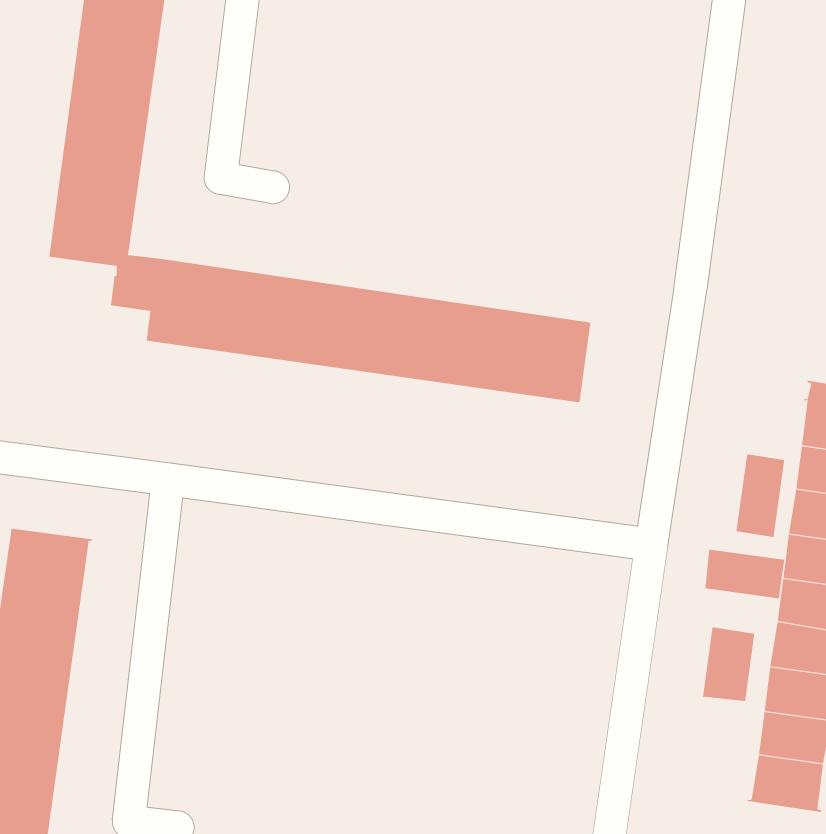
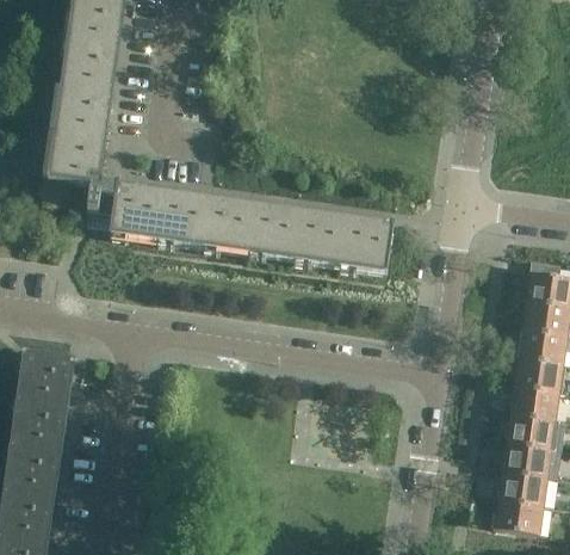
building: [736,453,785,538] -> none
building: [705,549,785,599] -> none
building: [702,627,755,702] -> none

